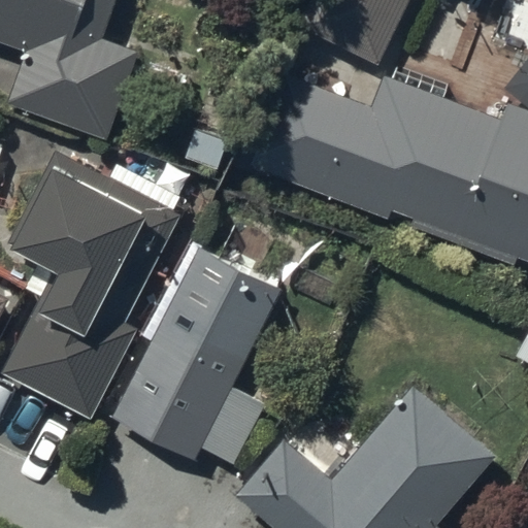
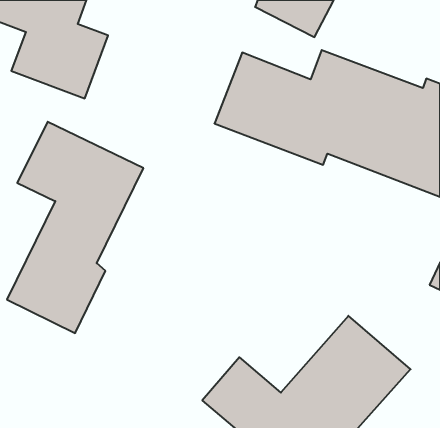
building: [118,255,279,466] -> none

